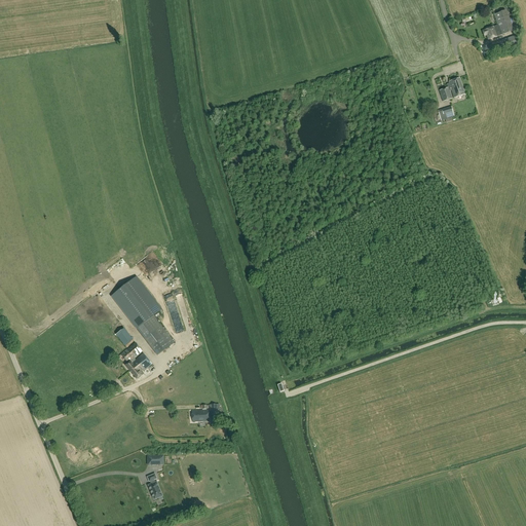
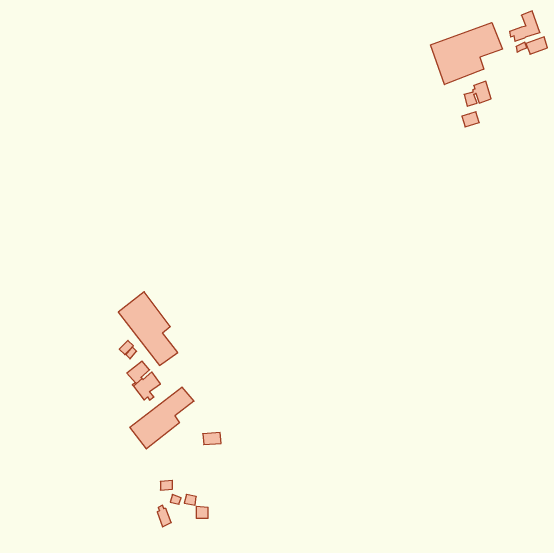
building: none -> [430,23,502,85]
building: none -> [130,387,194,449]

